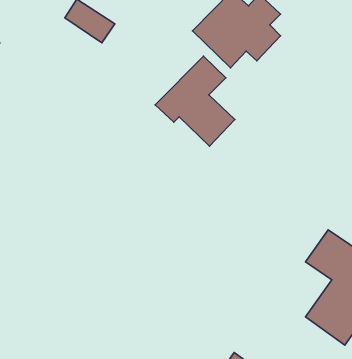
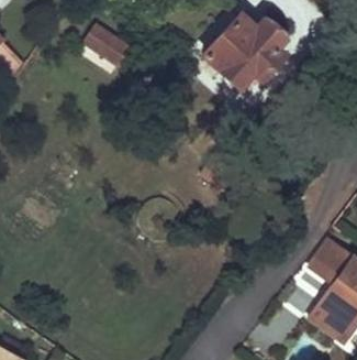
building: [155,56,235,146] -> none

